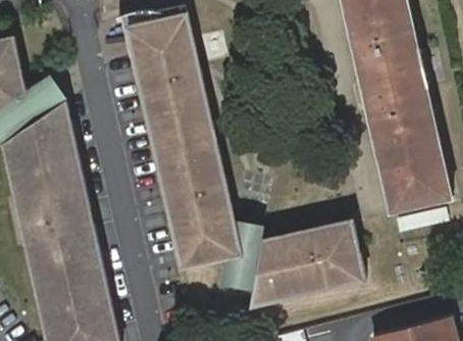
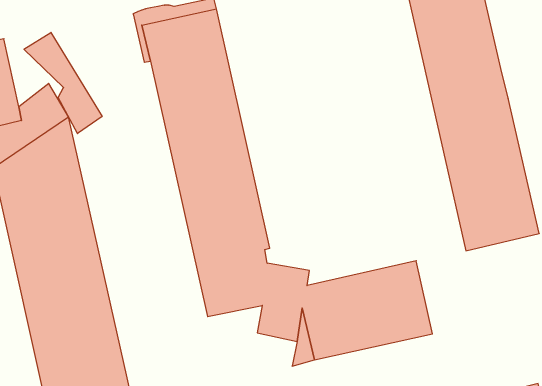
building: none -> [24,32,102,134]

